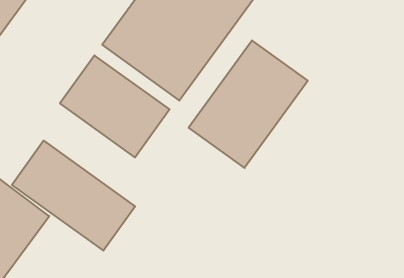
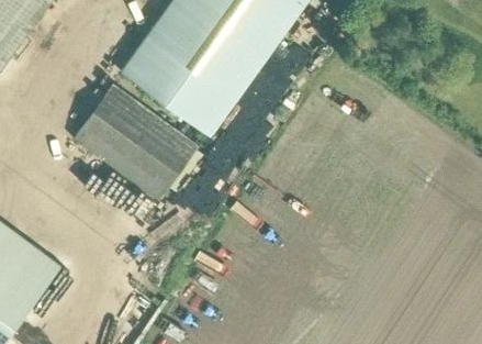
building: [189,40,308,168] -> none
building: [12,141,135,251] -> none

